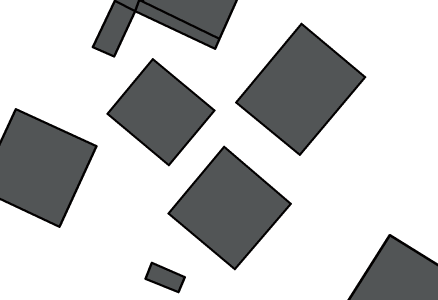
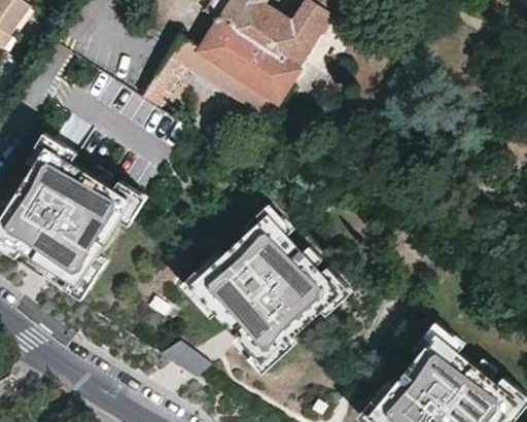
building: [236,24,365,155] -> none
building: [108,59,215,165] -> none

